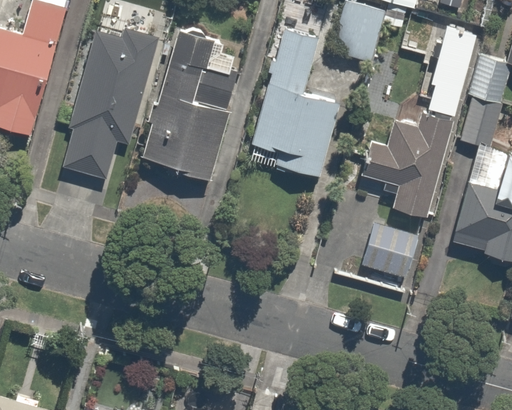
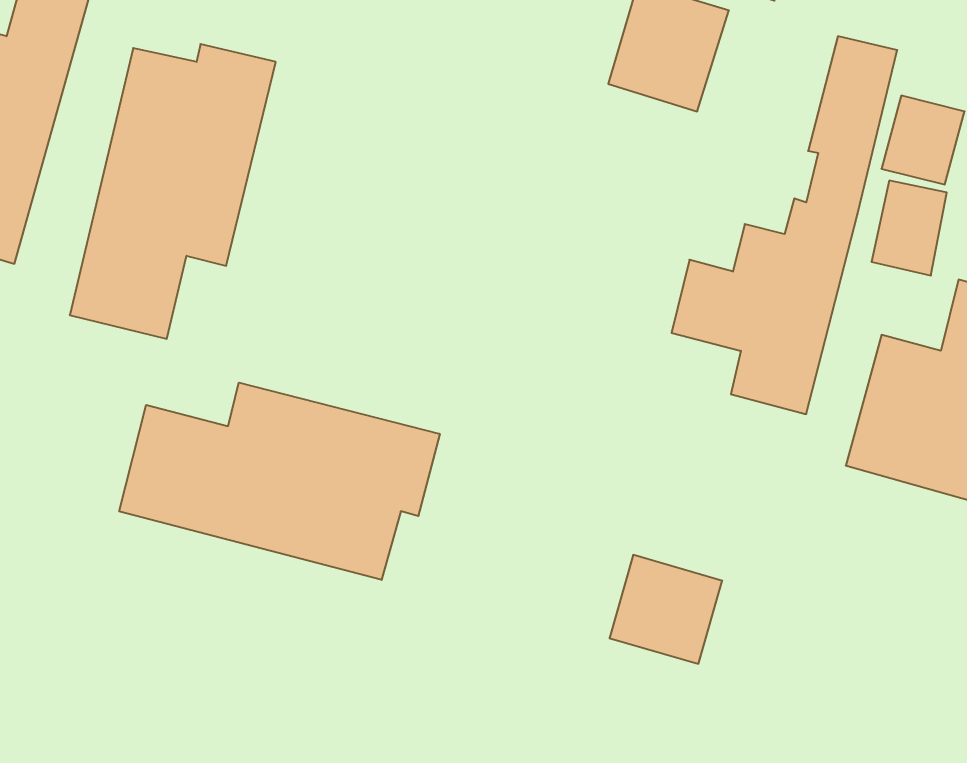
building: [140,29,237,177] -> none
building: [254,33,349,176] -> none
building: none -> [119,383,440,580]
building: [361,223,418,278] -> [609,555,722,664]

